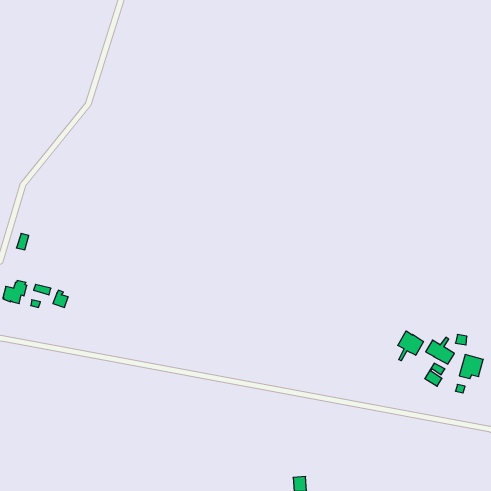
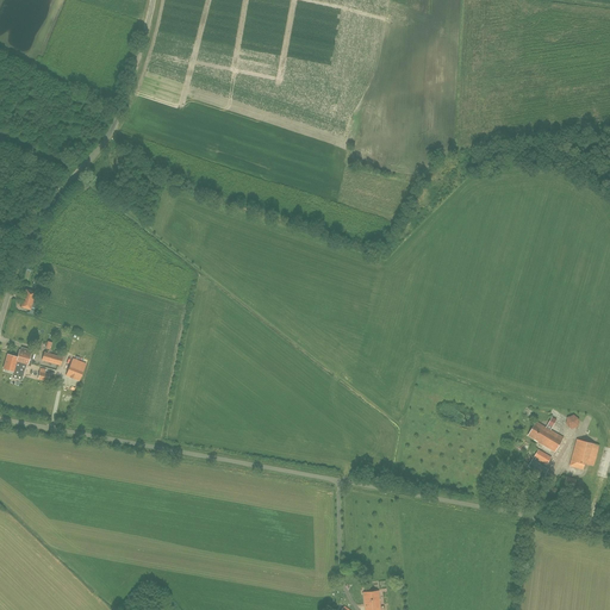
building: [398,331,423,361] -> none

